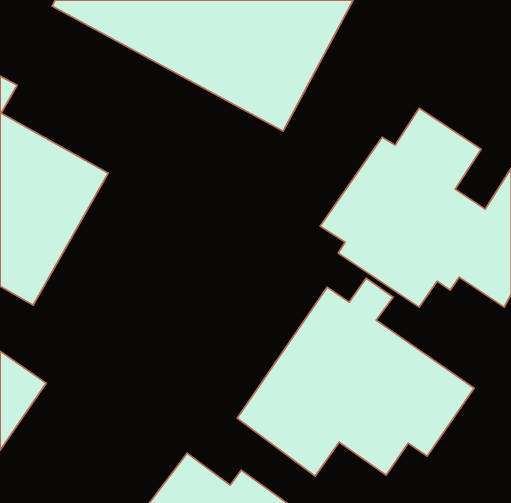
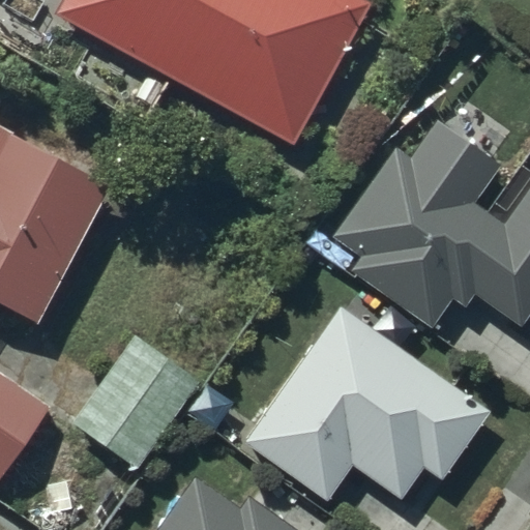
building: none -> [71,328,204,470]

